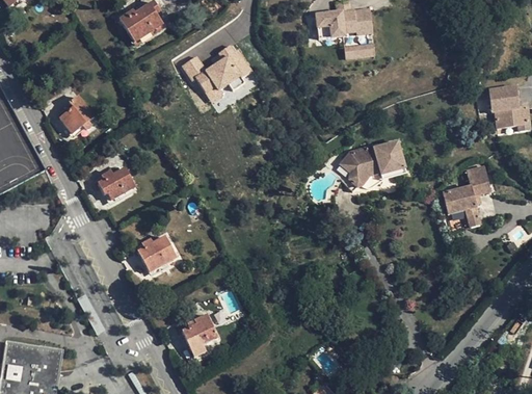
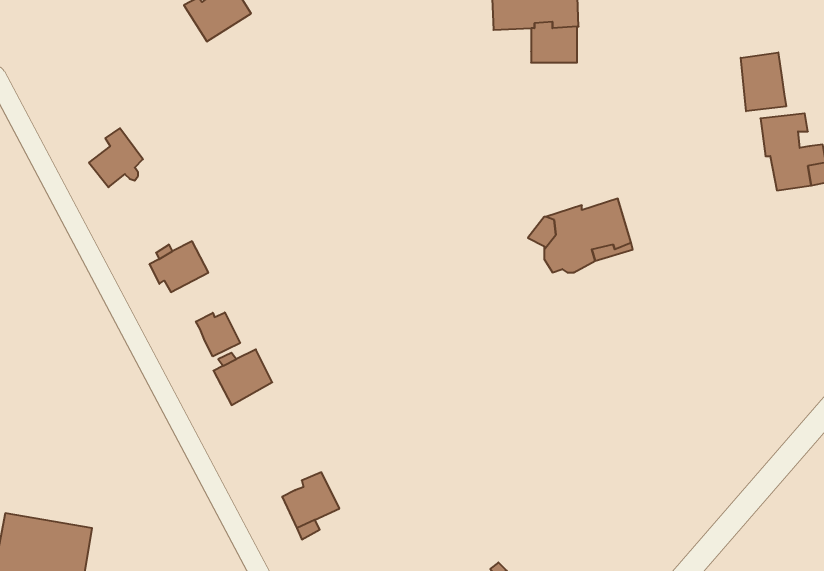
building: [182,44,254,102] -> none
building: none -> [741,52,786,111]
building: [443,166,490,227] -> none
building: none -> [196,312,240,356]

